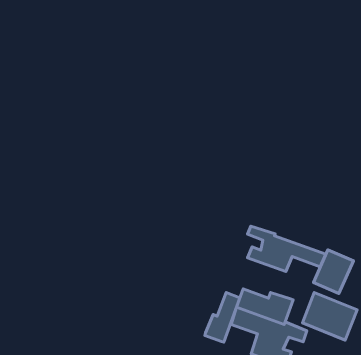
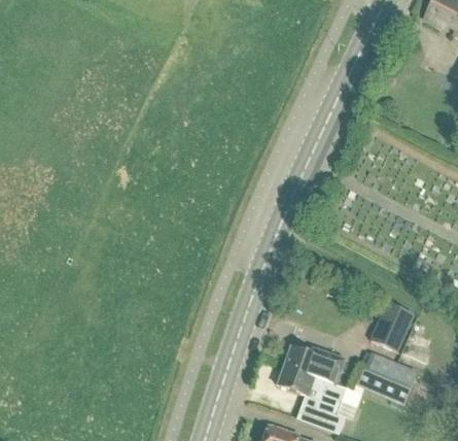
building: [247,226,326,271] -> none
building: [205,292,240,342] -> none

